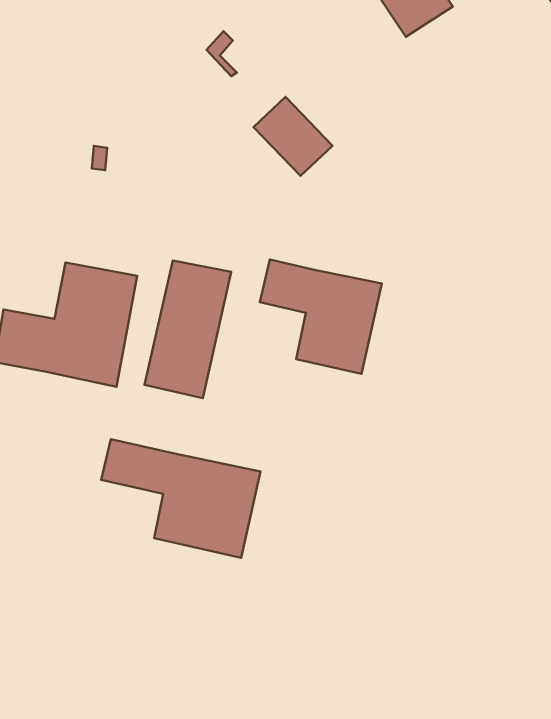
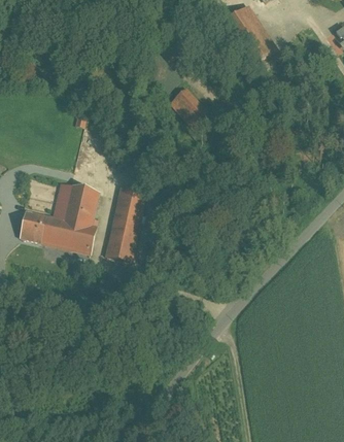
building: [260,260,382,374] -> none
building: [101,439,261,558] -> none

